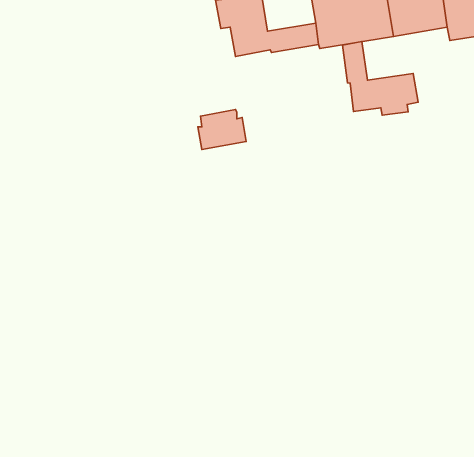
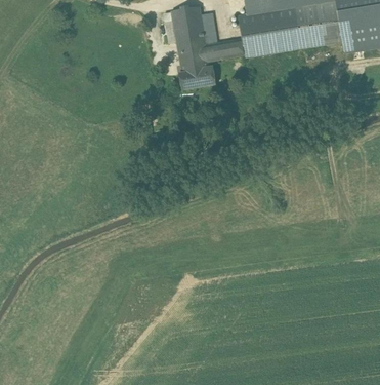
building: [342,42,418,115] -> none
building: [198,109,246,150] -> [178,59,215,89]

